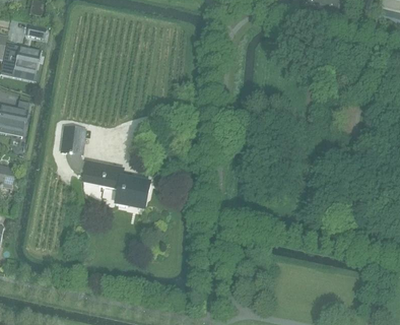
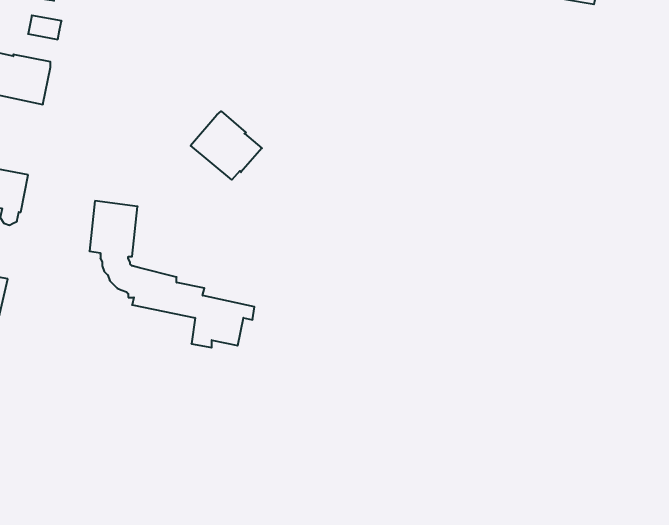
building: none -> [191,111,262,180]

